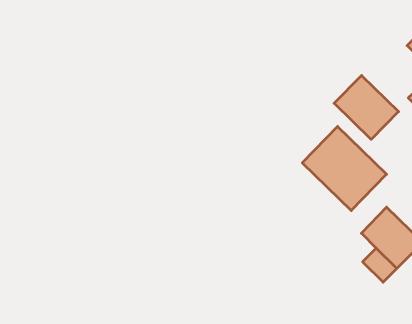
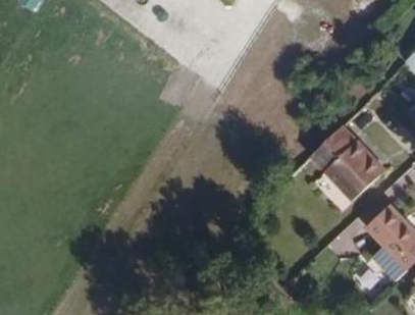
building: [334,75,399,139] -> none

